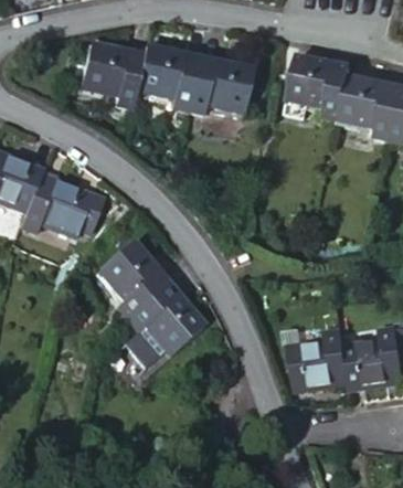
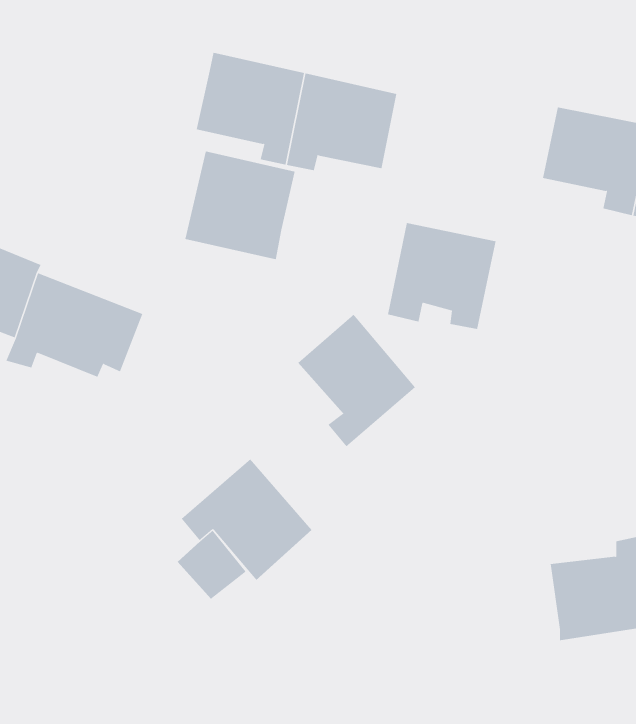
building: [78,43,144,107] -> [184,151,295,260]
building: [286,55,350,118] -> [387,222,497,330]
building: [98,240,168,318] -> [297,314,416,447]
building: [287,330,349,391] -> none

